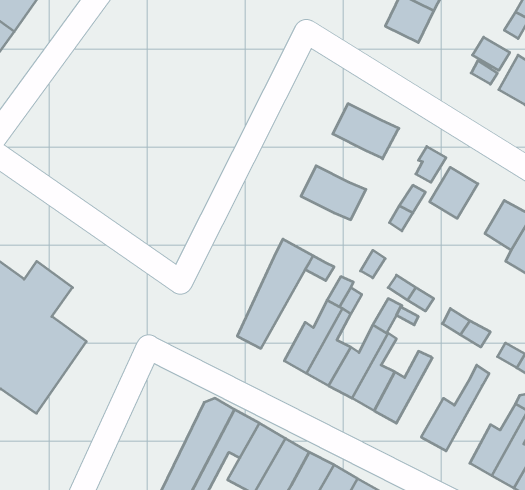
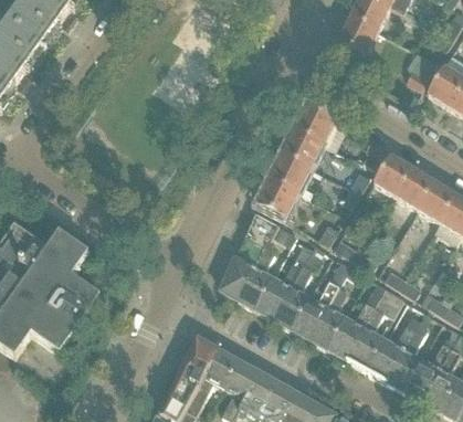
building: none -> [283,127,335,171]
building: none -> [396,167,433,207]
building: none -> [259,177,297,215]
building: none -> [239,246,275,308]
building: none -> [347,286,403,369]
building: none -> [387,318,428,390]

